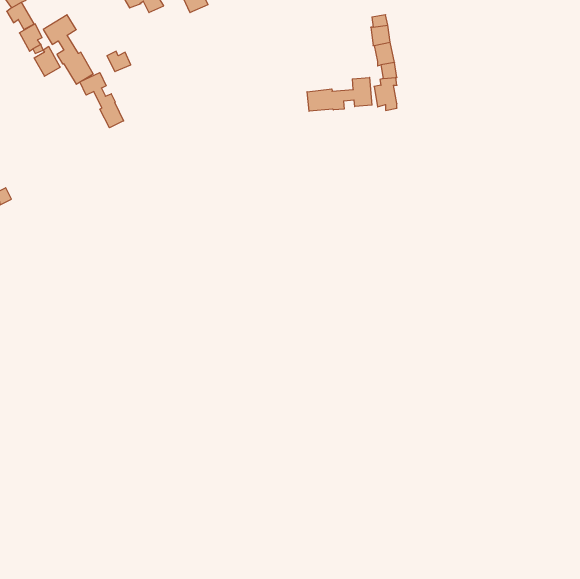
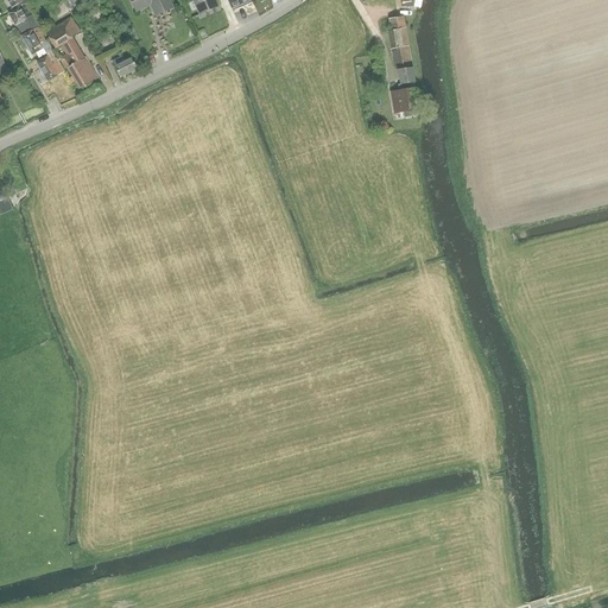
building: [80,73,124,128] -> none
building: [307,77,372,111] -> none

